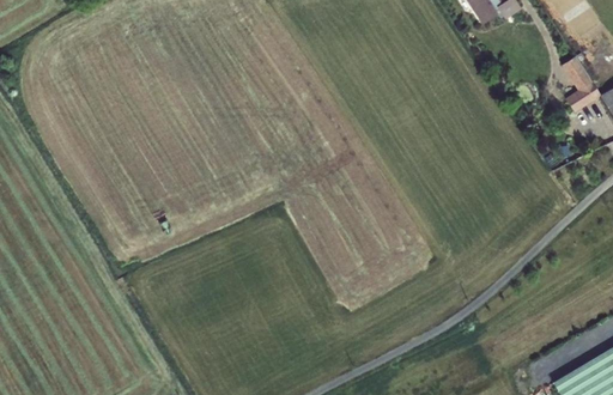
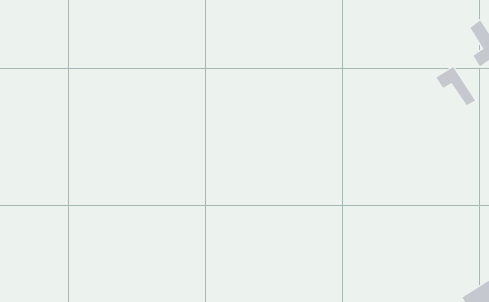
building: none -> [435,66,476,106]

